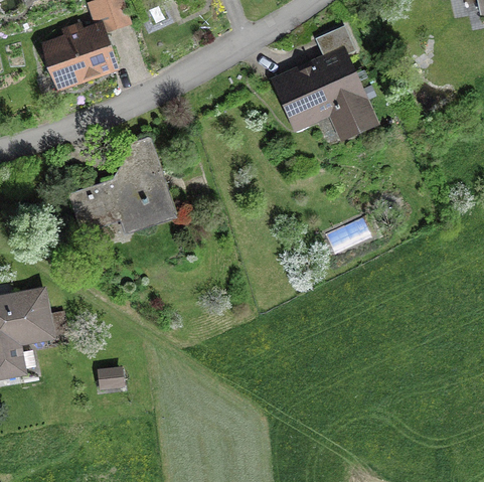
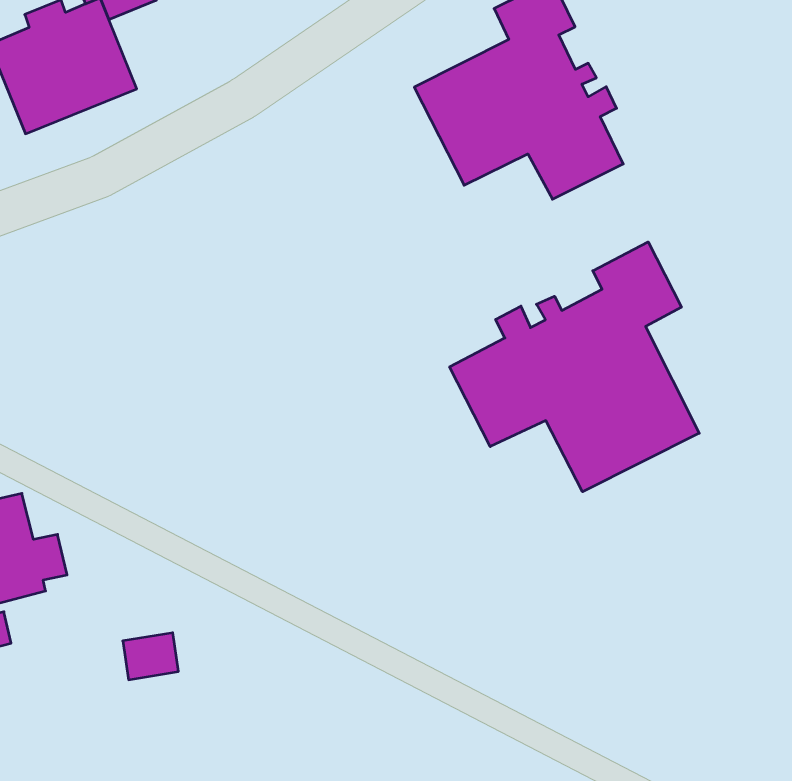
building: [67,135,177,234] -> none
building: none -> [450,242,699,492]

